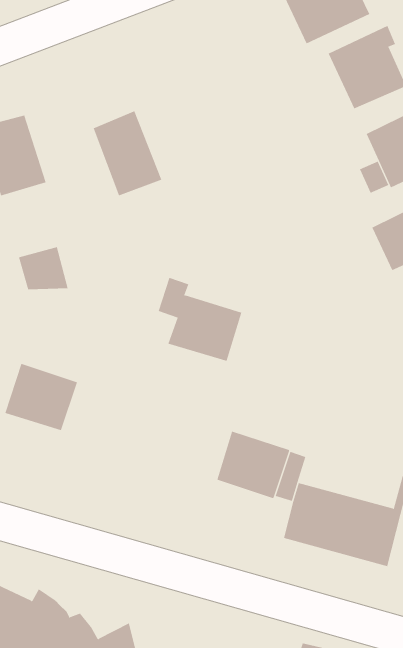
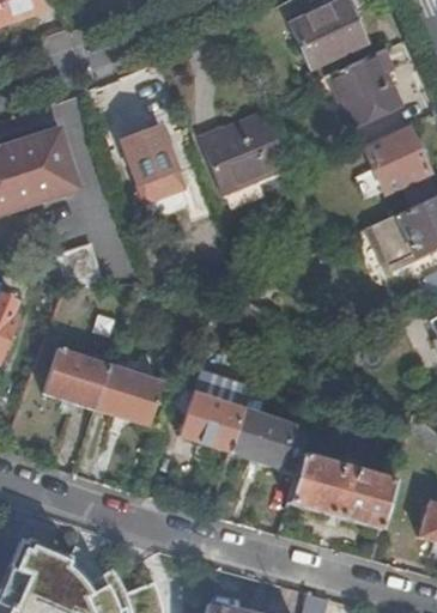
building: none -> [204,114,290,193]
building: [158,277,242,361] -> [171,377,245,451]
building: none -> [96,365,162,425]

